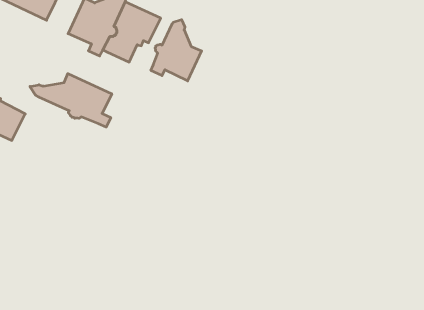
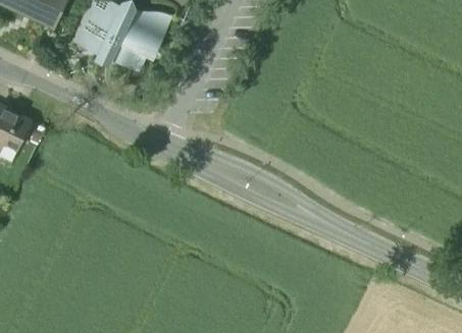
building: [151,20,202,81] -> none
building: [30,74,112,127] -> none

